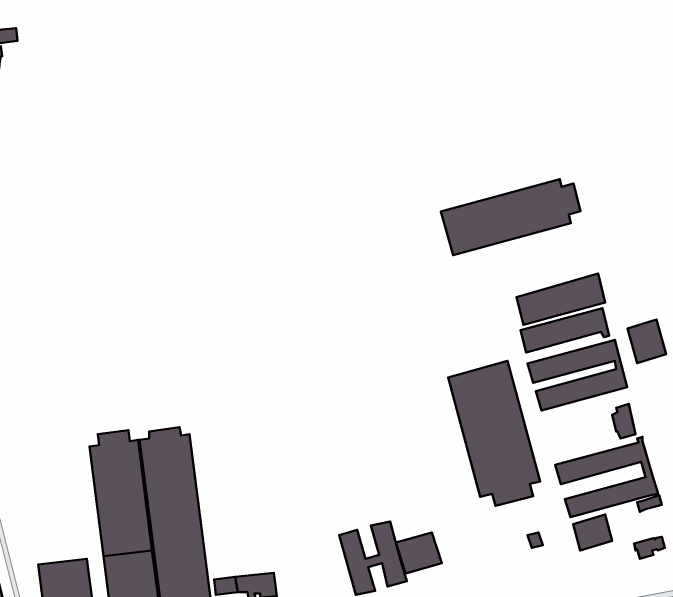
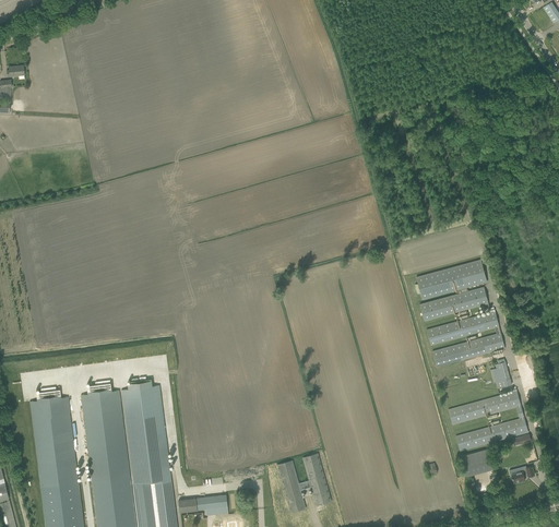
building: [441,179,581,255] -> none
building: [628,319,666,363] -> none
building: [448,361,540,506] -> none
building: none -> [29,388,79,488]
building: [396,533,442,573] -> none

